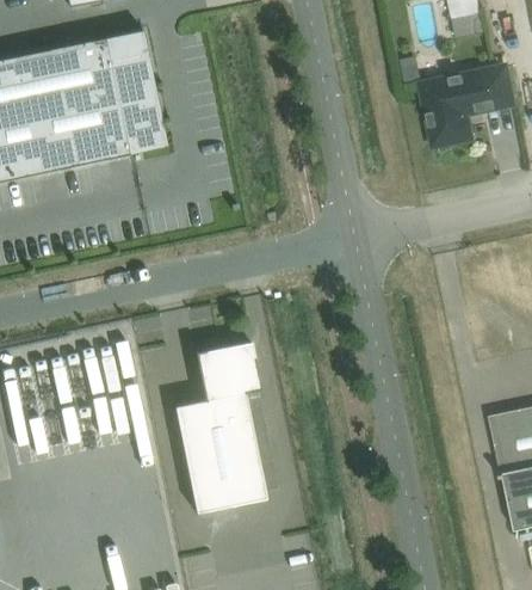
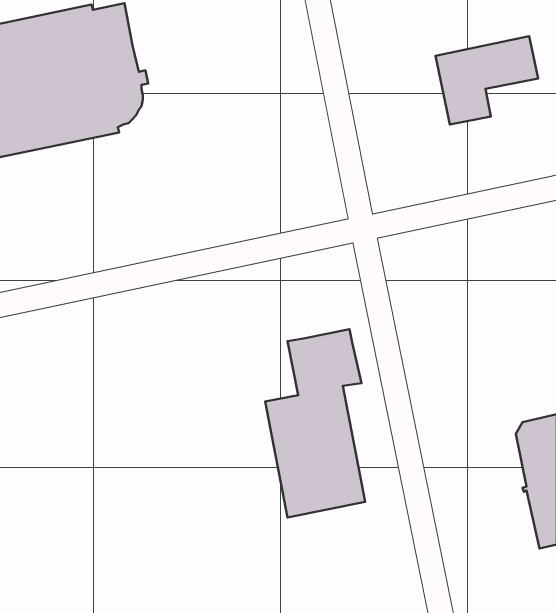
building: [175,342,266,512] -> [265,329,365,517]

